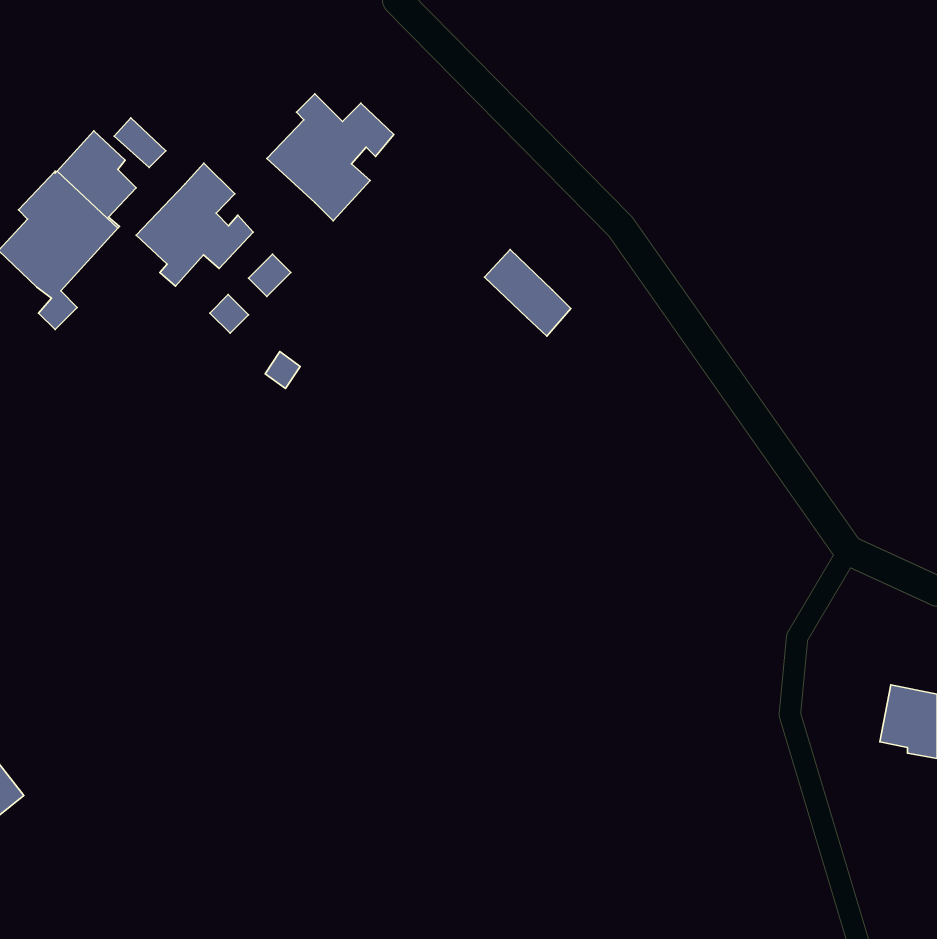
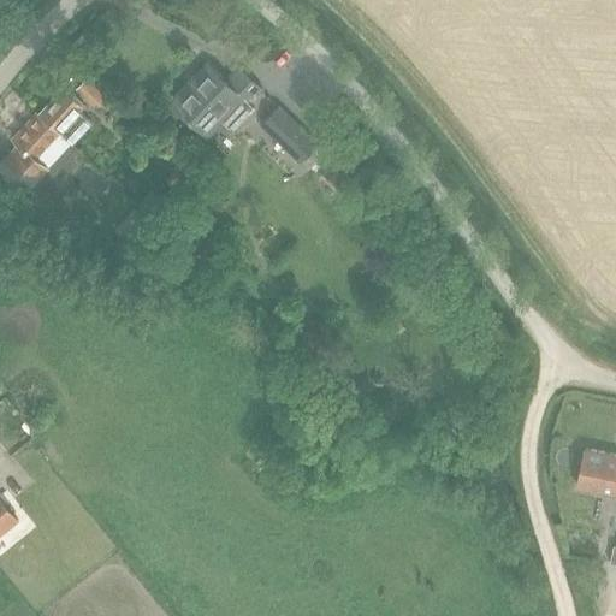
building: [136,163,253,286] -> none
building: [484,250,571,336] -> [259,106,315,162]

